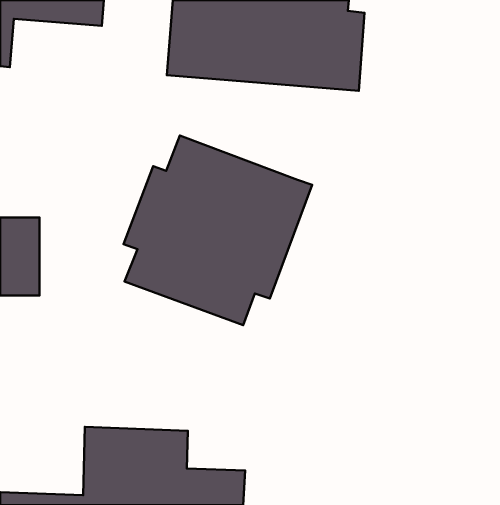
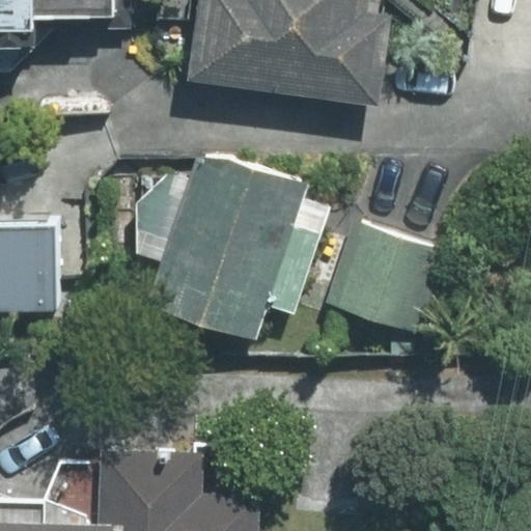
building: none -> [320,220,447,334]

